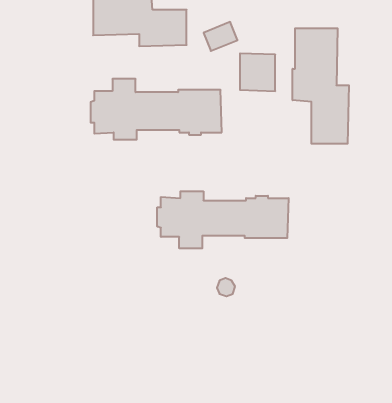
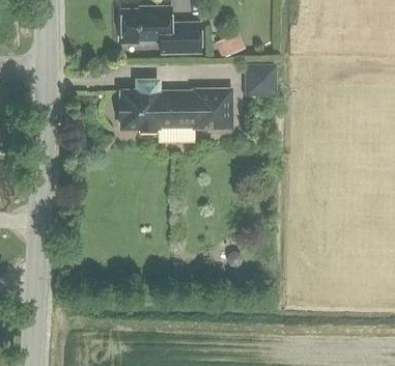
building: [293,28,349,144] -> none
building: [157,191,289,248] -> none

